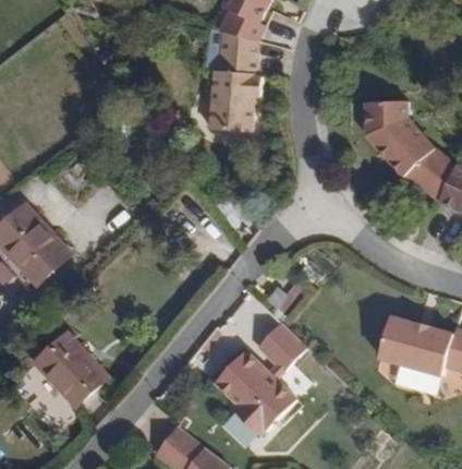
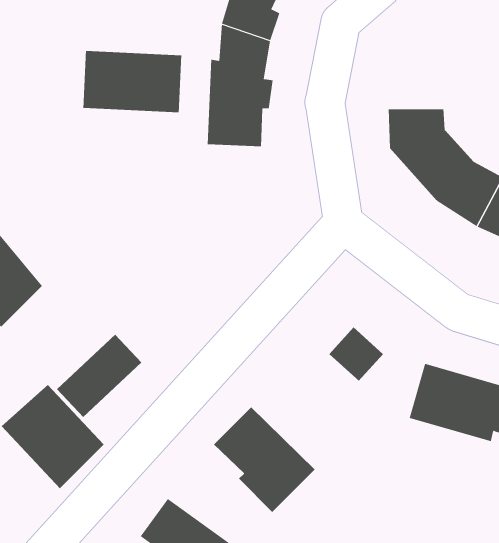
building: none -> [83,50,182,113]
building: none -> [56,334,142,418]
building: [259,323,305,369] -> [329,327,384,382]

